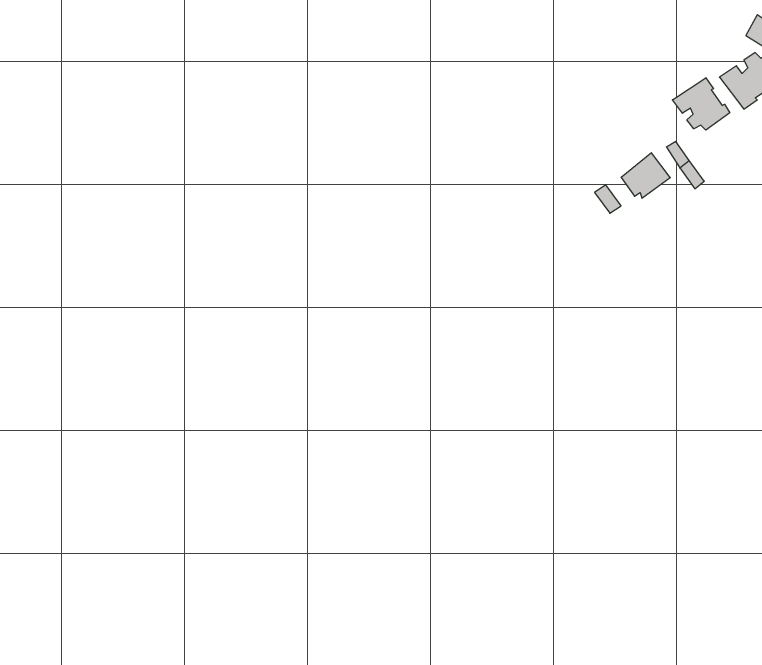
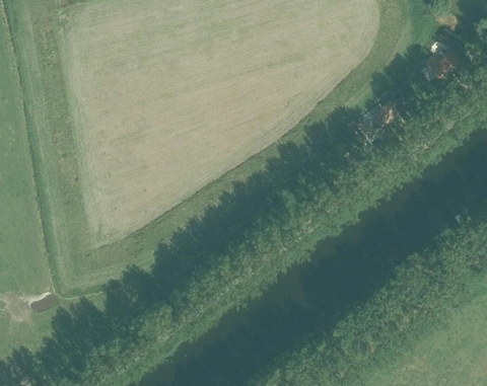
building: [672,78,730,130] -> none

